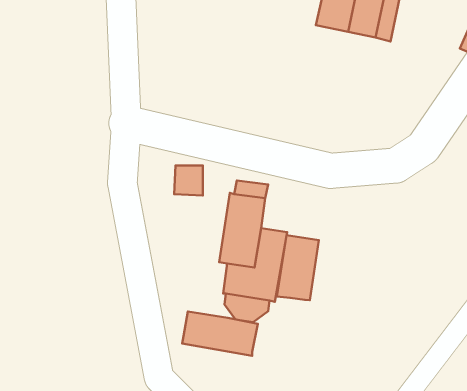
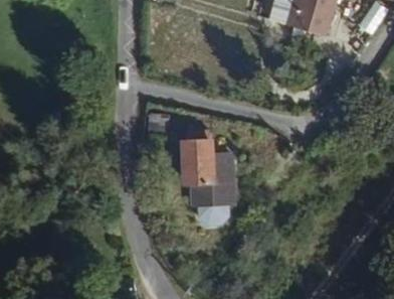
building: [277,235,319,300] -> none
building: [182,311,258,356] -> none

